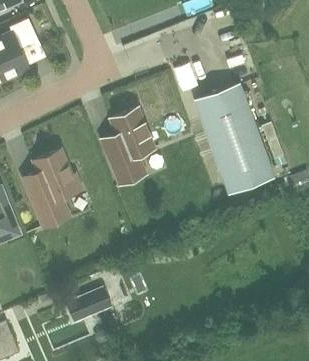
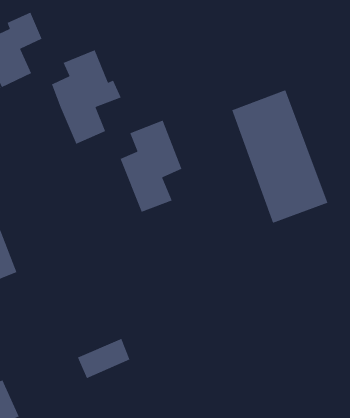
building: [26,149,85,228] -> [50,49,122,145]

